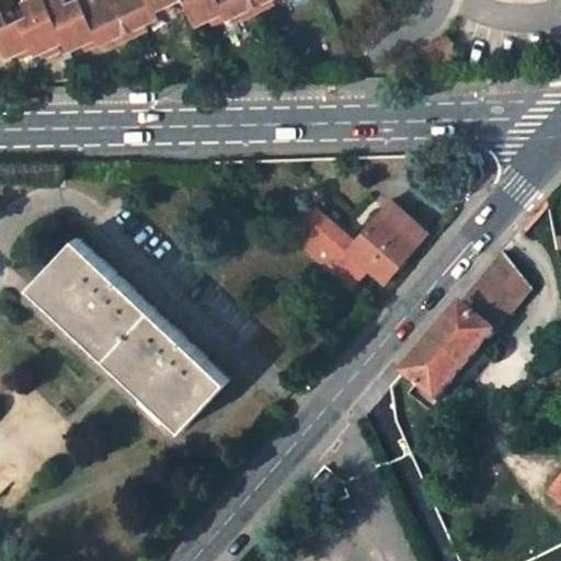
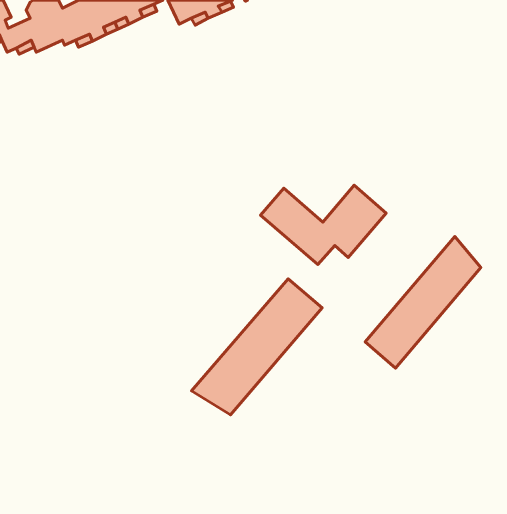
building: [33,237,226,423] -> none
building: none -> [192,279,322,415]

